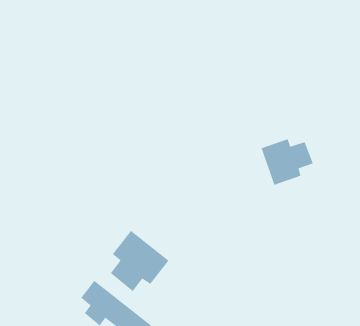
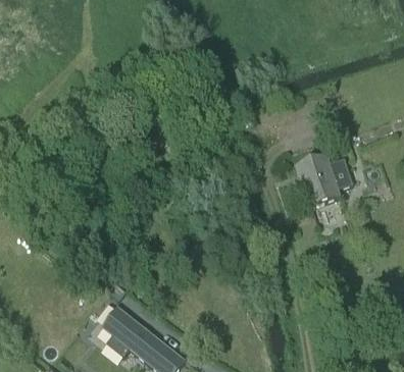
building: [110,230,169,292] -> none

